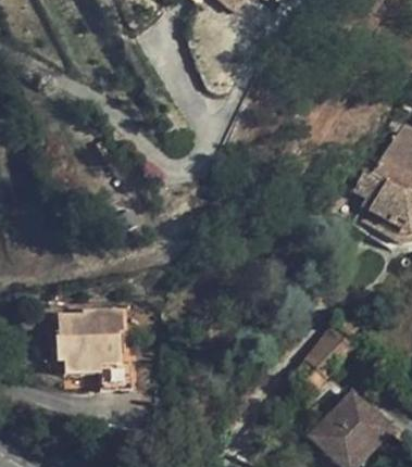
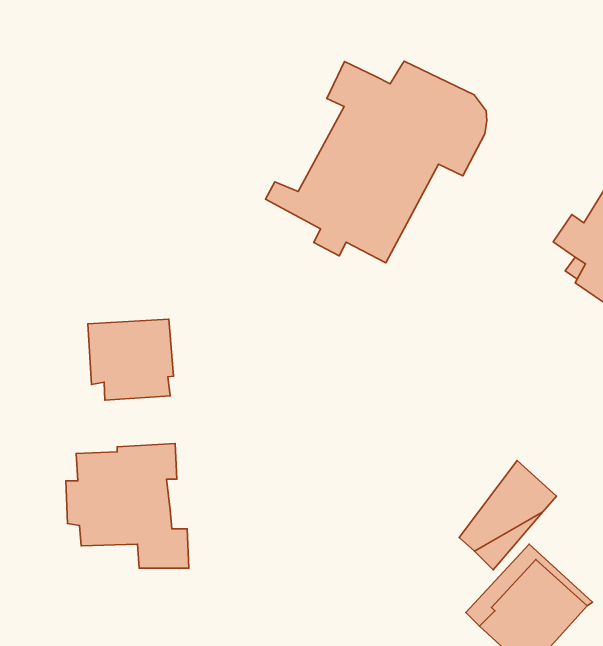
building: none -> [265,61,487,263]
building: none -> [88,319,173,400]

